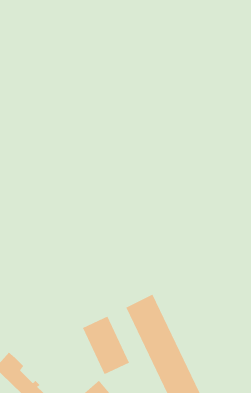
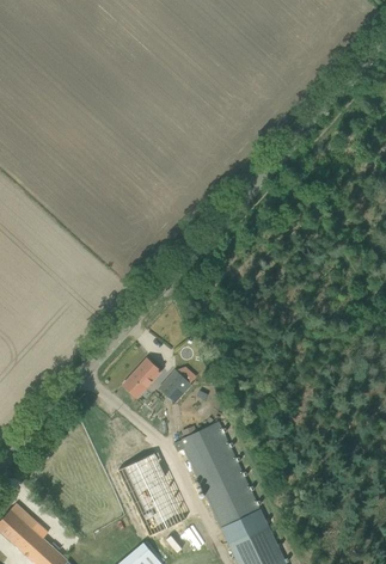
building: none -> [123,357,160,397]
building: none -> [159,369,191,401]

